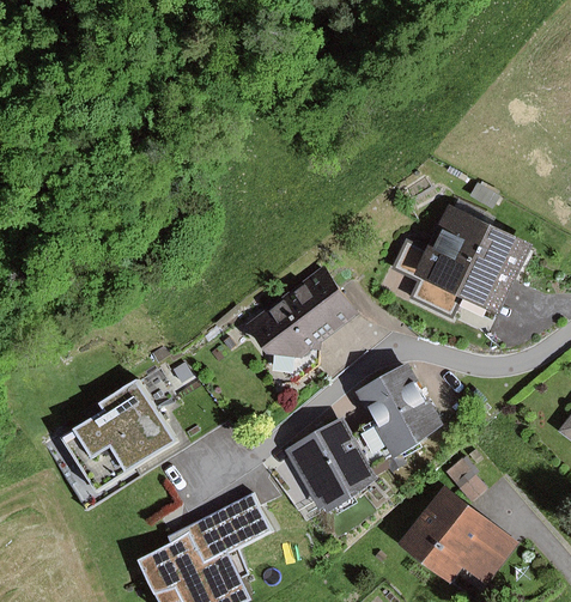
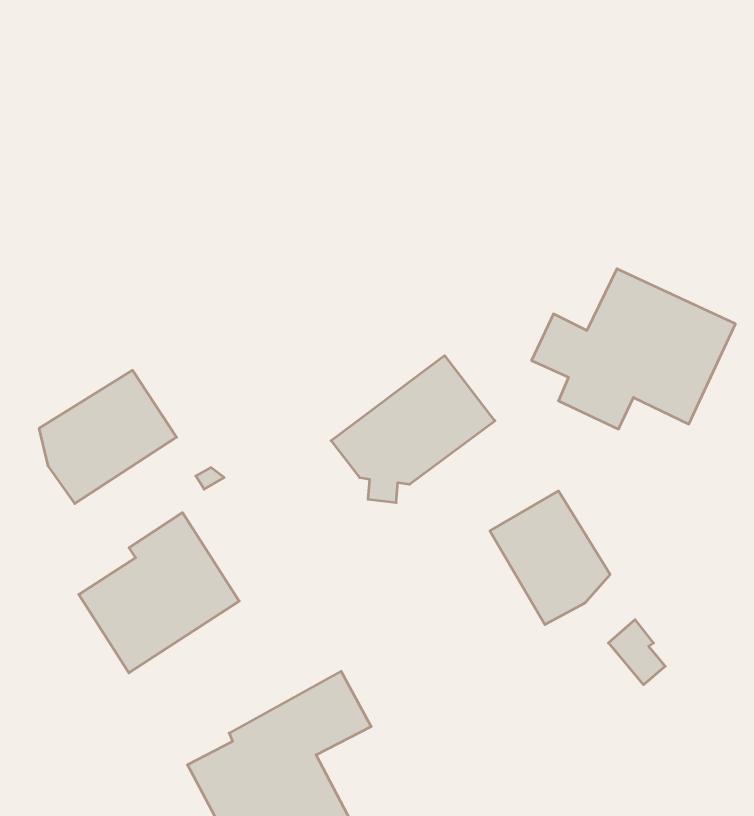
building: none -> [39,370,177,504]
building: [281,416,376,513] -> none
building: [397,485,515,584] -> none

